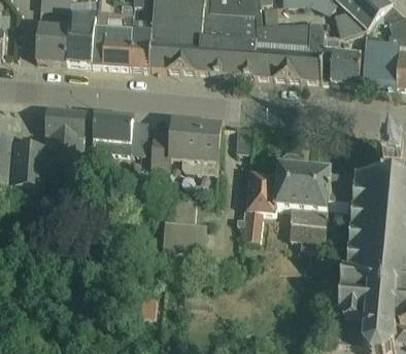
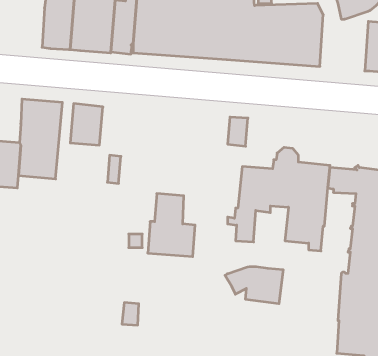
building: [36,22,68,61] -> none
building: [320,28,365,82] -> none
building: [119,115,147,152] -> none
building: [150,118,221,173] -> none
building: none -> [225,267,283,304]

